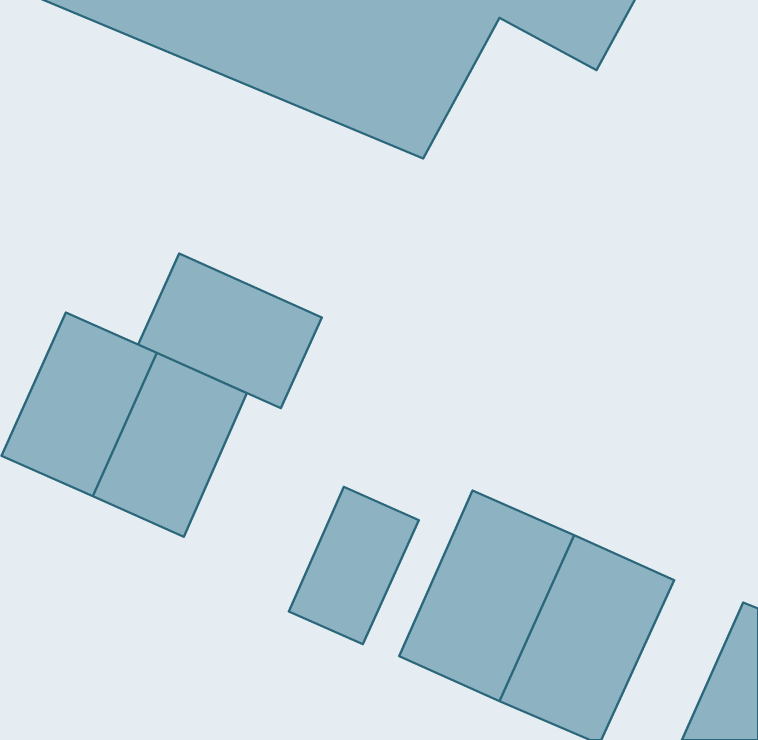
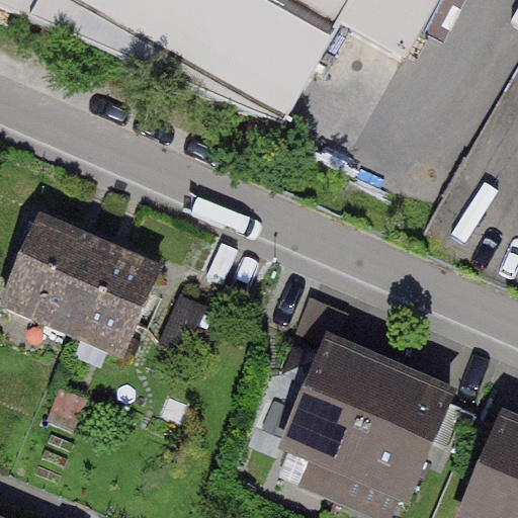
building: [138,253,322,408] -> none
building: [289,487,419,644] -> none

